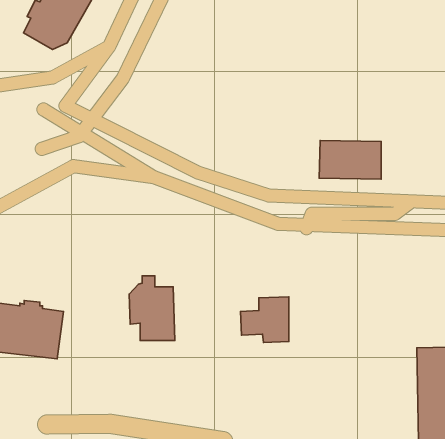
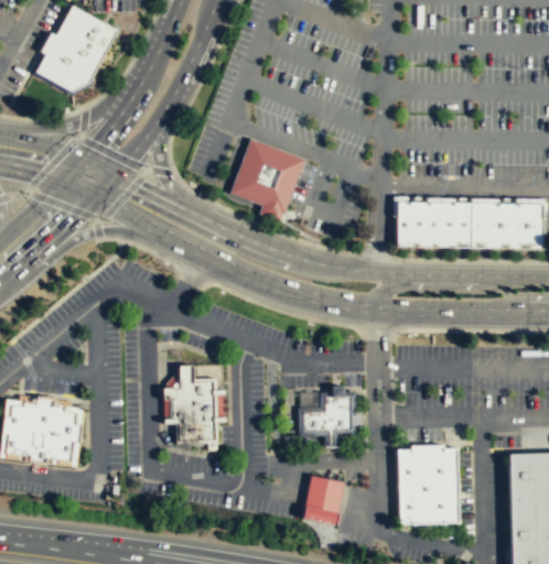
building: none -> [230,137,306,213]
building: none -> [469,202,540,248]
building: none -> [395,447,456,524]
building: none -> [302,475,344,524]

